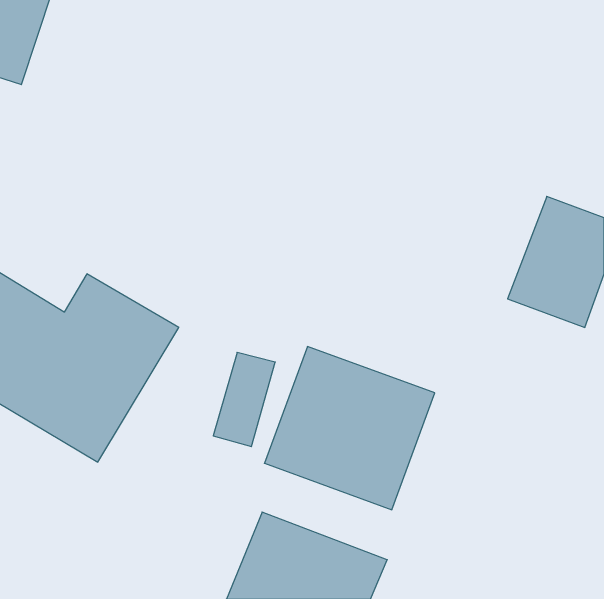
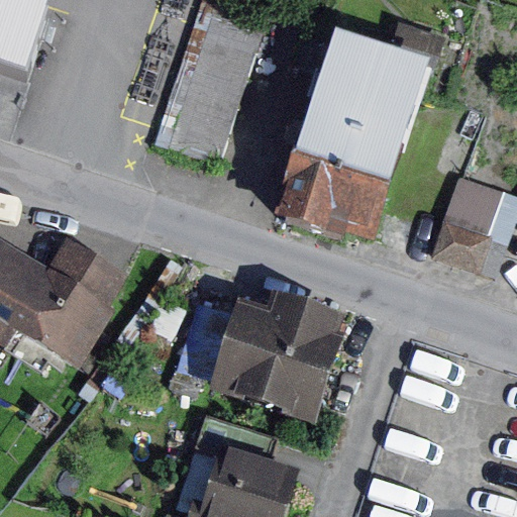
building: none -> [163,17,261,157]
building: none -> [273,33,423,239]

